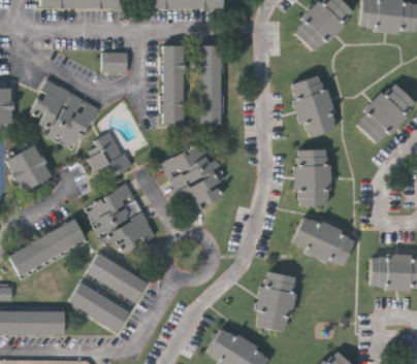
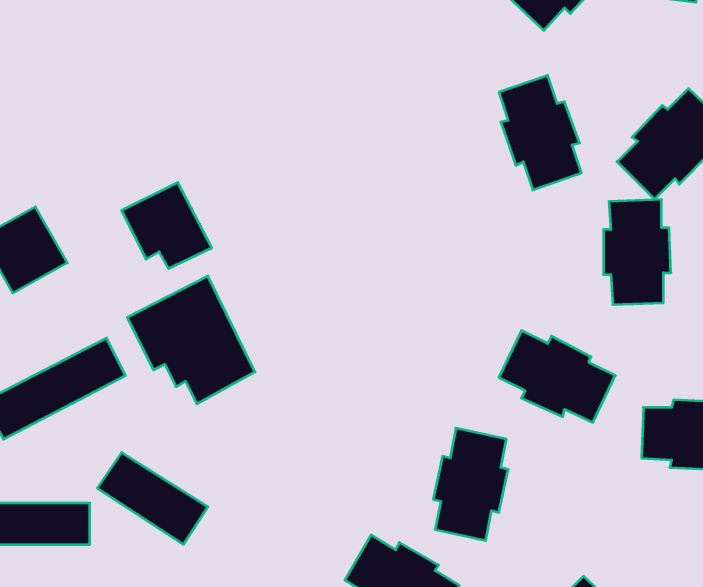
building: [163,46,185,126] -> none
building: [200,47,221,126] -> none
building: [102,54,128,73] -> none
building: [26,80,98,148] -> none
building: [163,145,226,217] -> none
building: [293,147,330,205] -> [603,200,671,305]
building: [87,253,148,302] -> none

